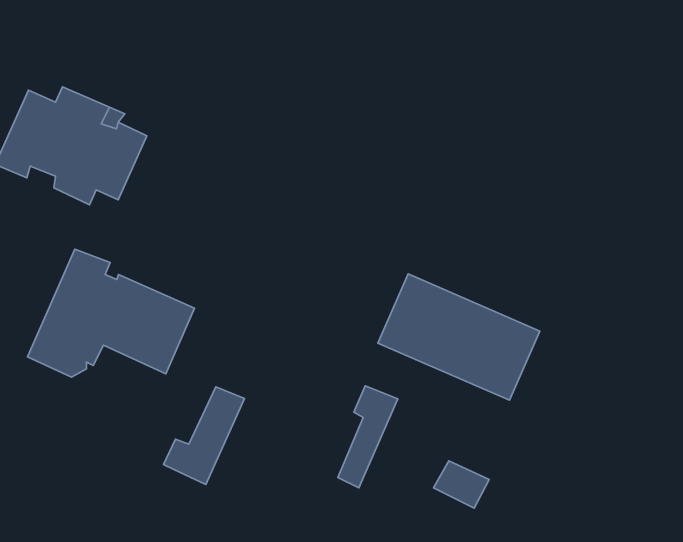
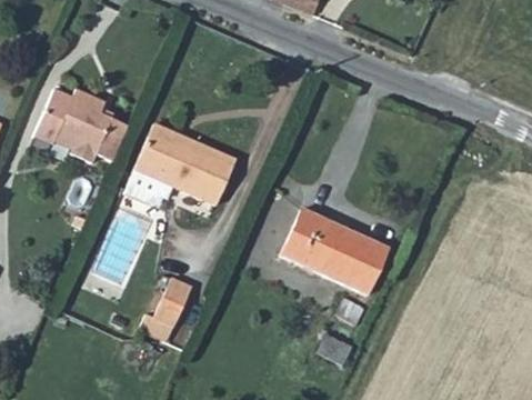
building: [28,249,195,377] -> [127,120,237,204]
building: [338,386,398,488] -> none

